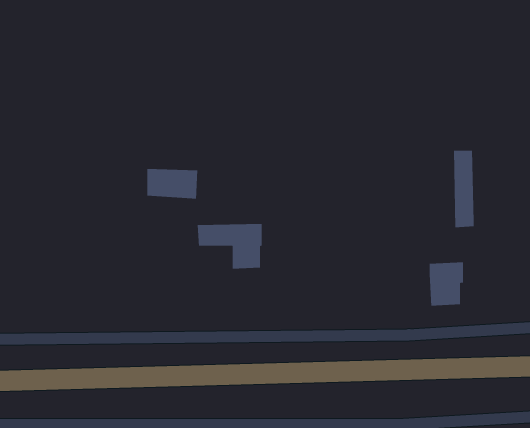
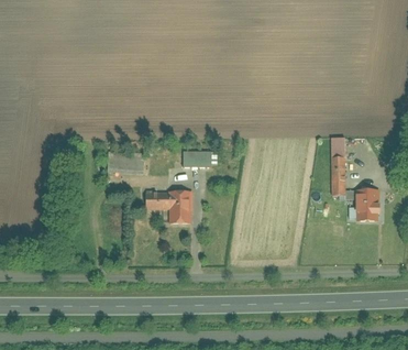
building: none -> [184,151,212,167]
building: [429,262,464,306] -> [355,189,381,221]

